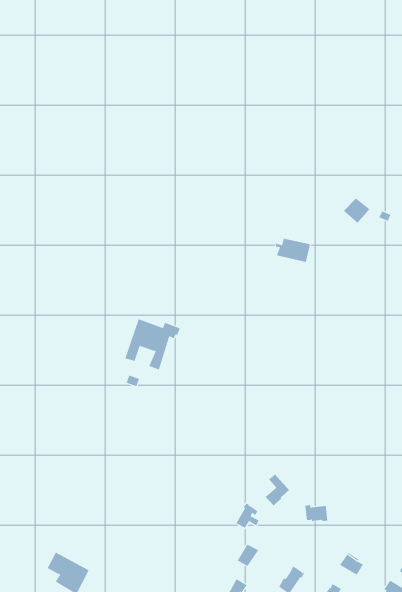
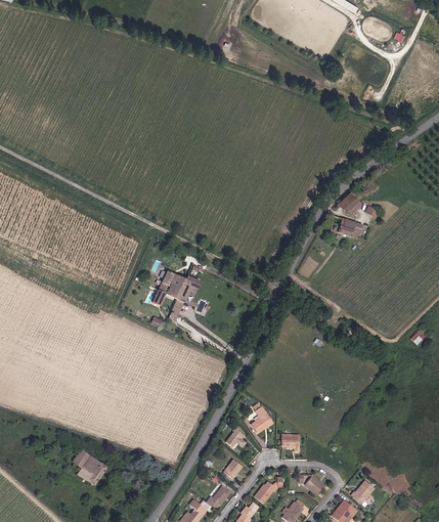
building: [275,238,311,263] -> [335,218,363,240]

